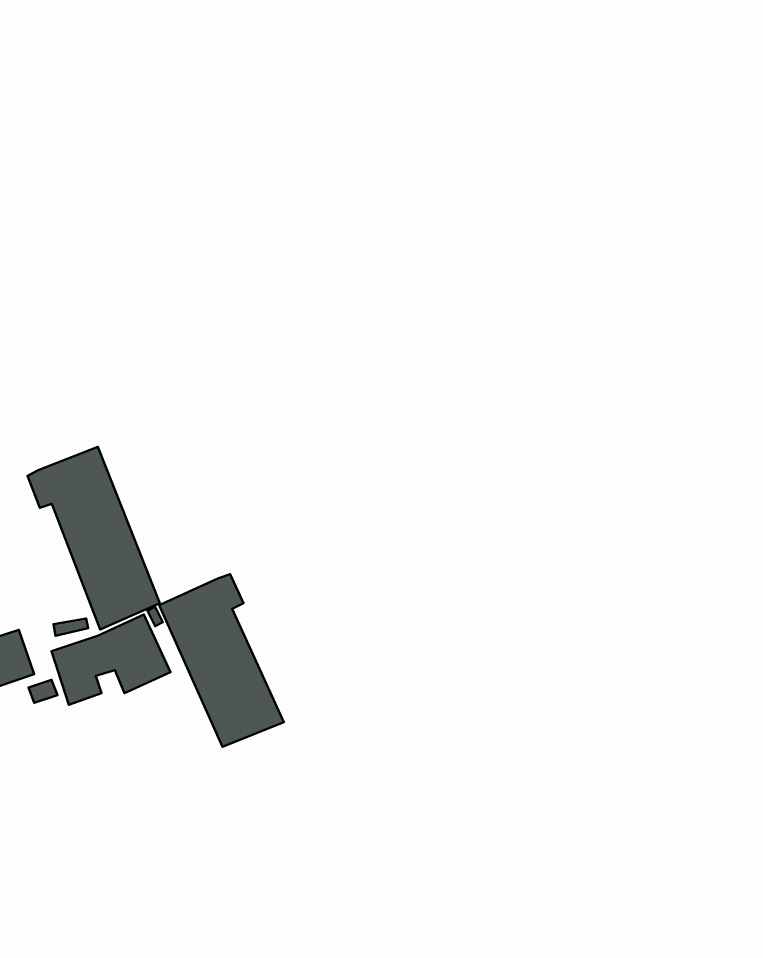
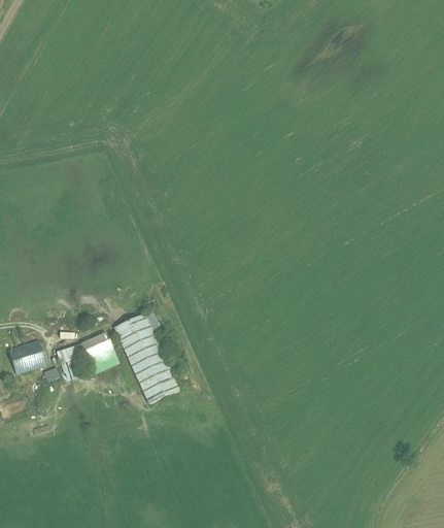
building: [28,447,160,629] -> none

